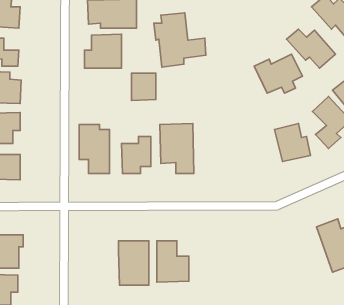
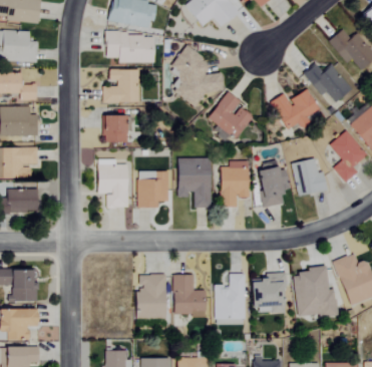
building: none -> [209,91,253,138]
building: [132,73,156,100] -> [103,115,127,142]
building: none -> [221,160,250,208]
building: none -> [260,162,290,206]
building: none -> [294,268,339,318]
building: none -> [252,273,286,312]
building: none -> [215,274,246,319]

